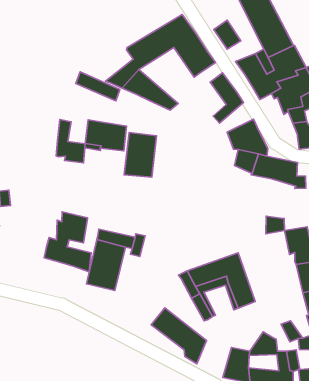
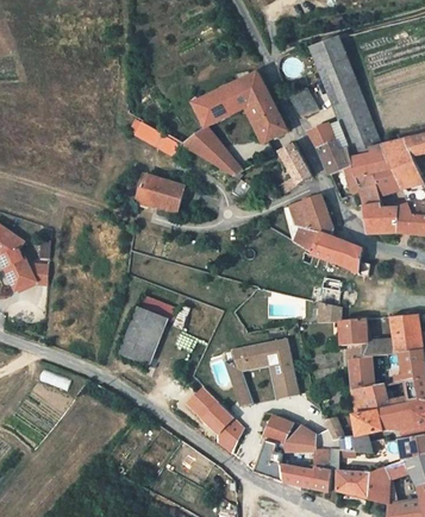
building: [56,120,85,163] -> none
building: [124,133,156,177] -> none
building: [44,212,91,272] -> none
building: none -> [267,412,304,443]

